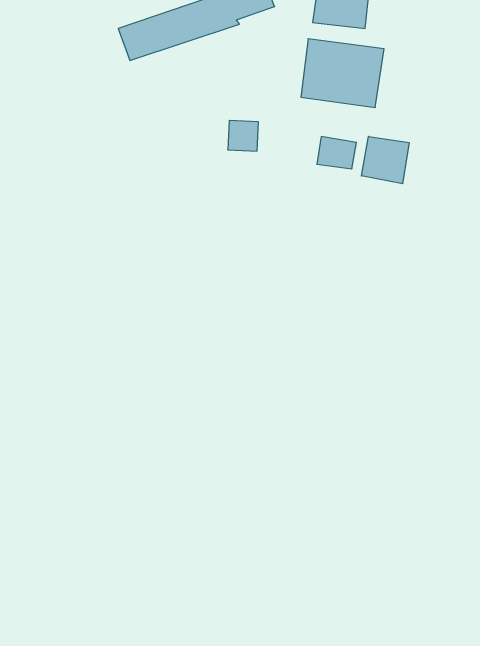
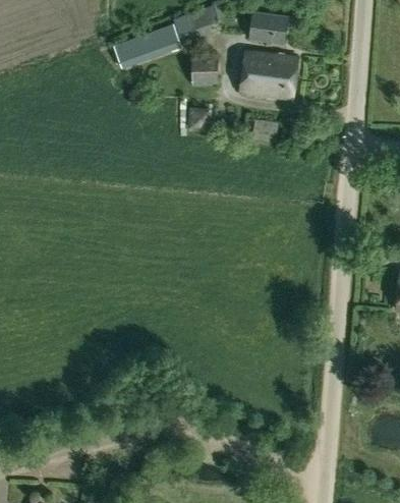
building: none -> [192,54,220,86]
building: [361,136,409,184] -> none

